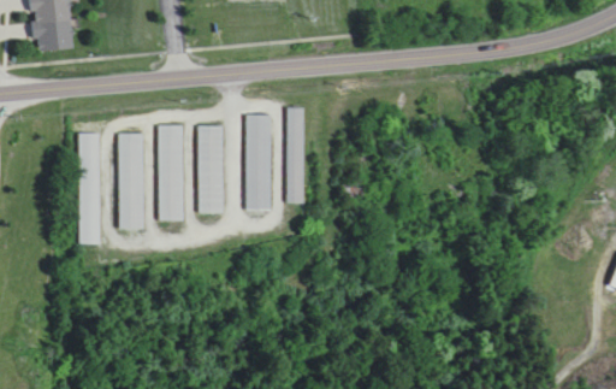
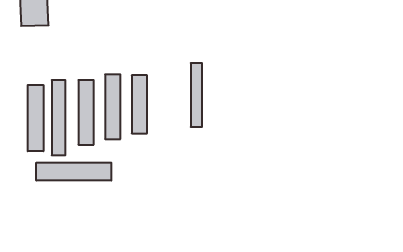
building: [245,113,270,208] -> none
building: none -> [28,85,43,151]
building: none -> [36,163,111,181]

